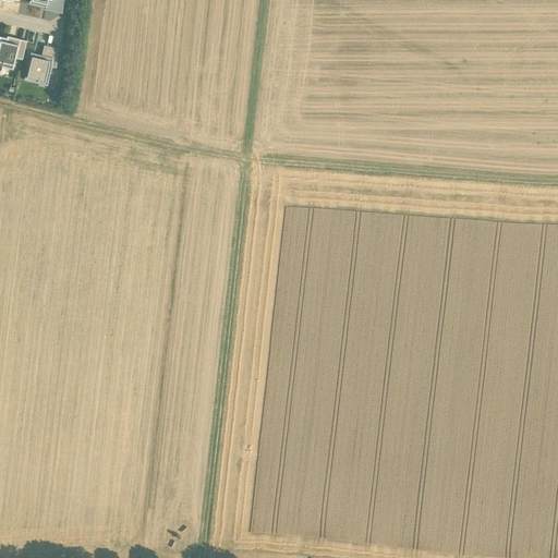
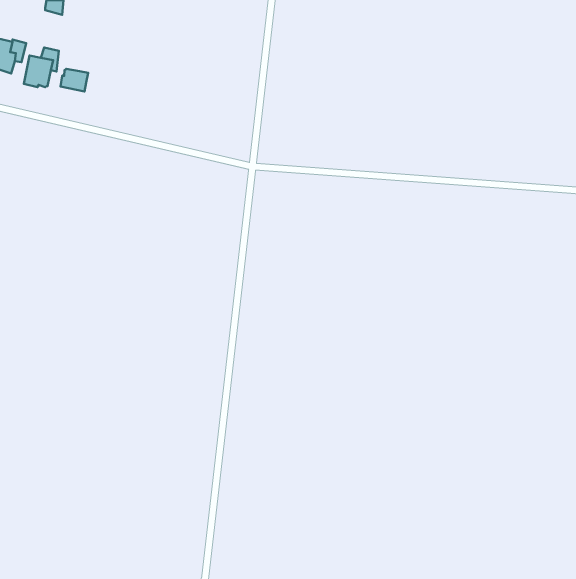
building: none -> [60,69,88,91]

